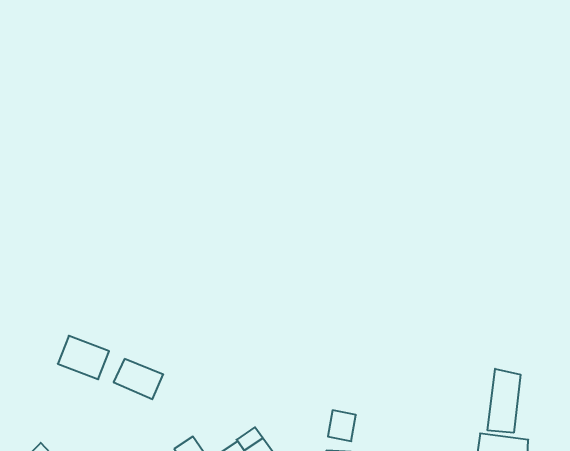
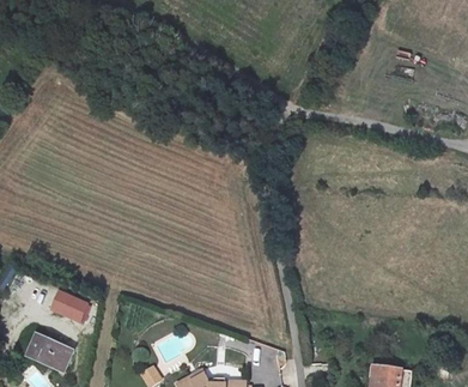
building: [114,359,163,399] -> [35,337,73,368]
building: [488,369,521,433] -> none

